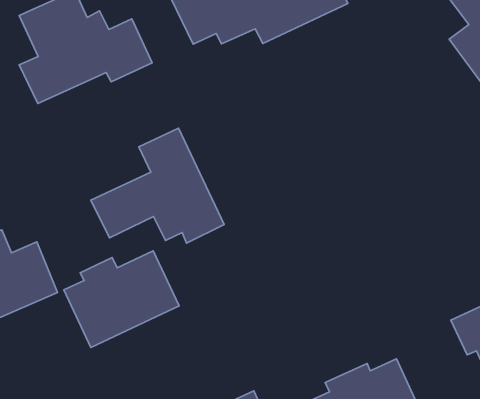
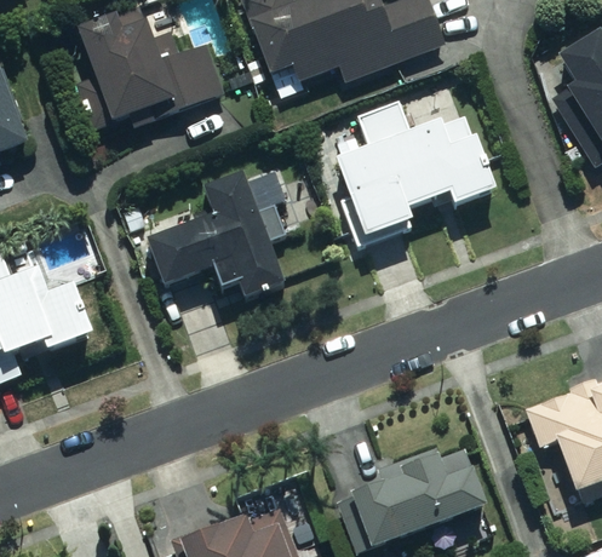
building: none -> [313,101,501,251]
building: [64,251,179,347] -> none

